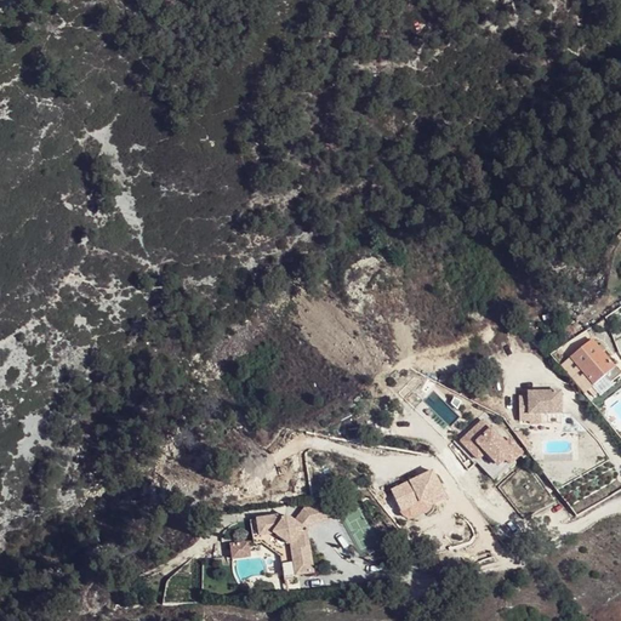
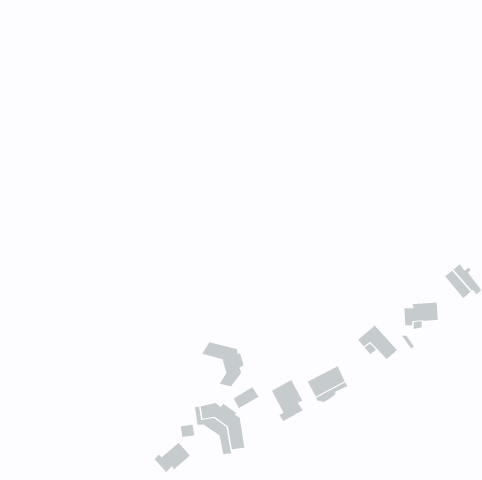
building: none -> [201,341,244,387]
building: none -> [271,379,304,422]
building: none -> [154,442,191,473]

